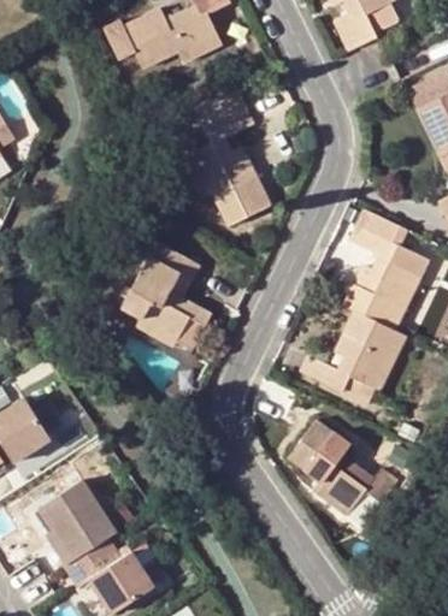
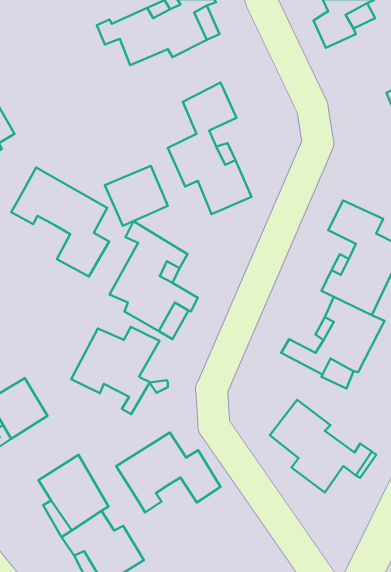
building: none -> [105,166,168,226]
building: none -> [11,167,109,277]
building: none -> [71,327,160,414]
building: none -> [116,432,221,512]

